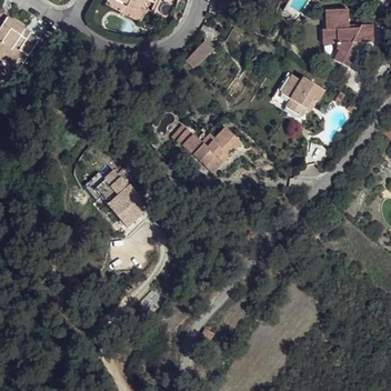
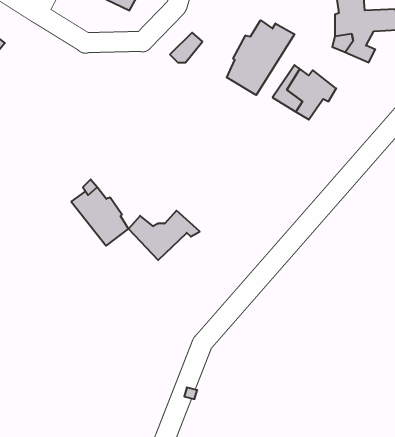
building: none -> [227,20,294,95]
building: [180,128,241,170] -> [128,211,200,260]

